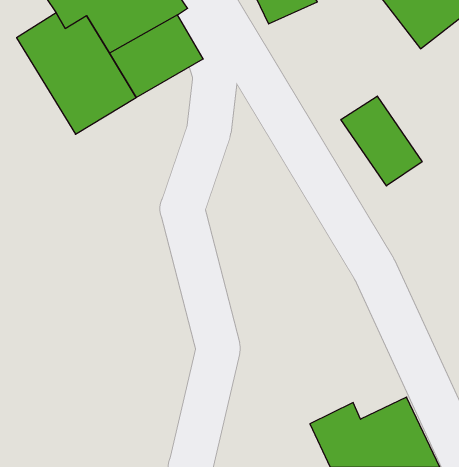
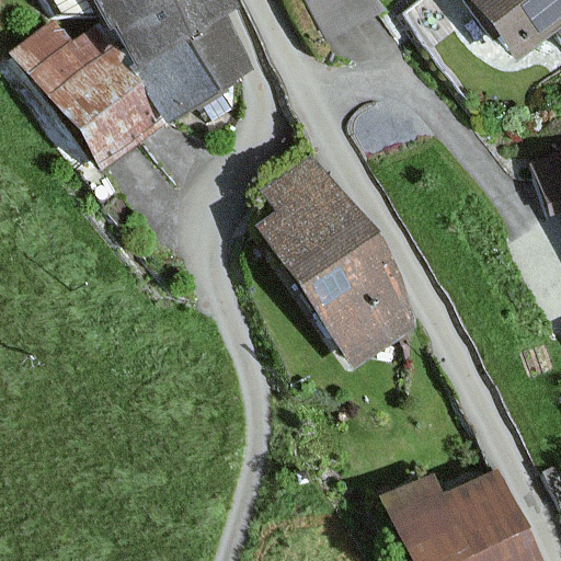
building: [341,96,422,186] -> none
building: none -> [266,160,422,357]

